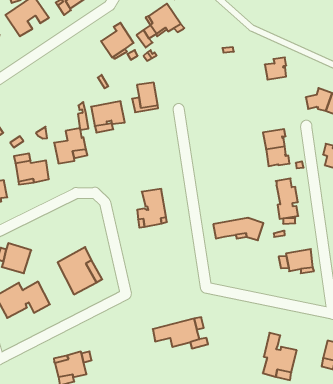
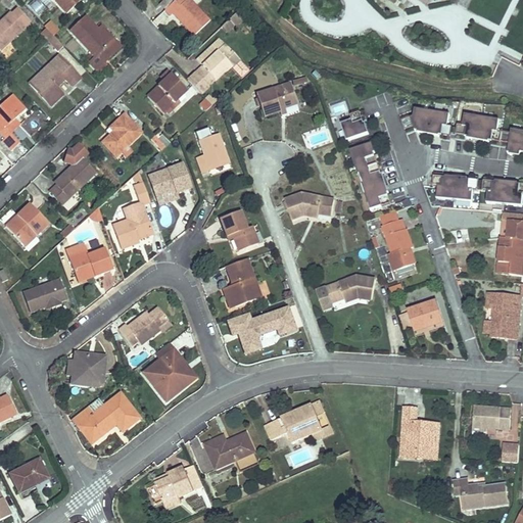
building: none -> [254,81,296,114]
building: none -> [103,112,141,154]
building: [265,57,286,80] -> [340,110,368,140]
building: none -> [50,156,94,201]
building: none -> [349,142,381,171]
building: none -> [284,192,334,219]
building: none -> [220,209,258,249]
building: none -> [117,305,171,345]
building: none -> [225,305,295,353]
building: none -> [204,433,254,470]

